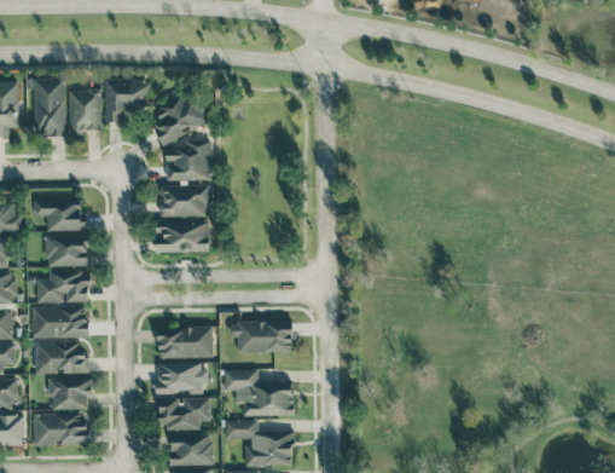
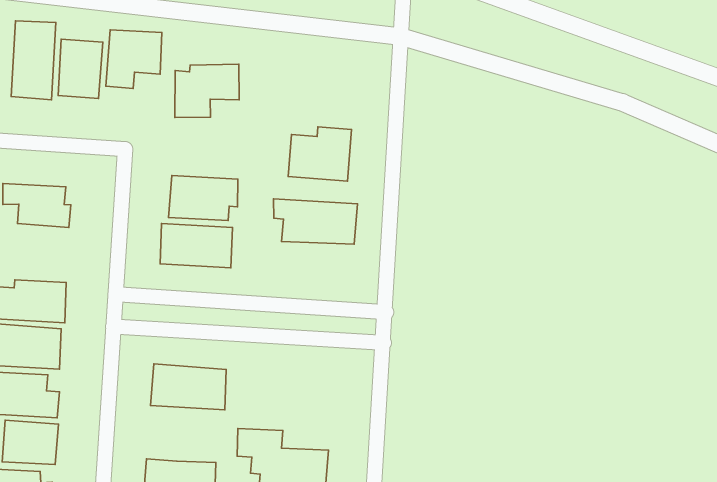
building: [166,142,210,180] -> [288,127,352,181]
building: [46,236,86,267] -> none
building: [228,322,291,354] -> [274,199,357,244]
building: [156,363,205,394] -> none

